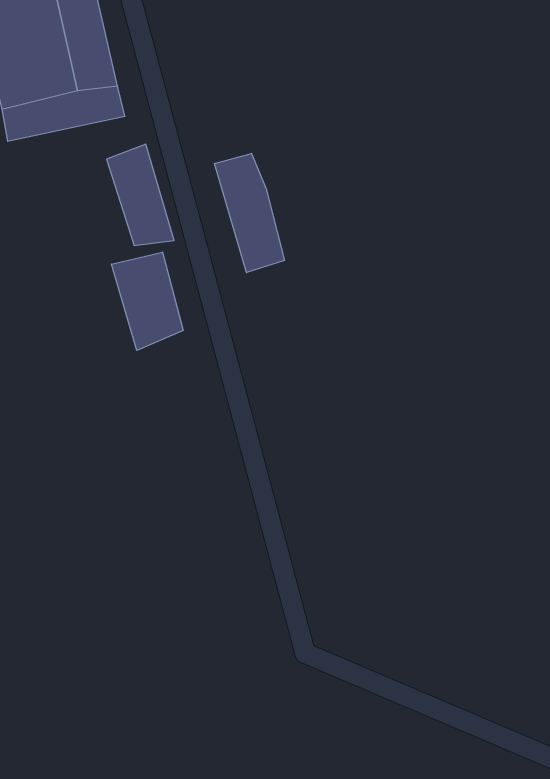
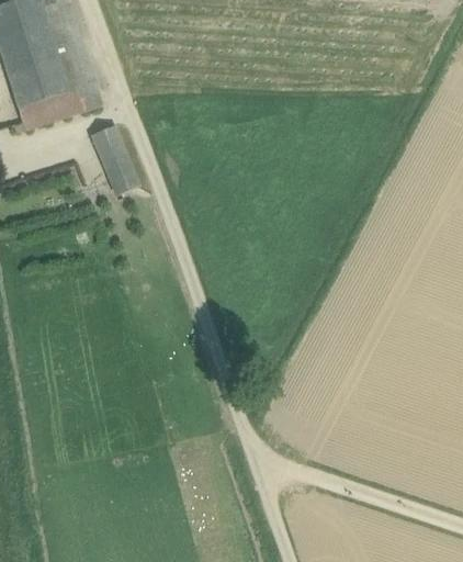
building: [214,153,284,273] -> none
building: [111,252,183,350] -> none

